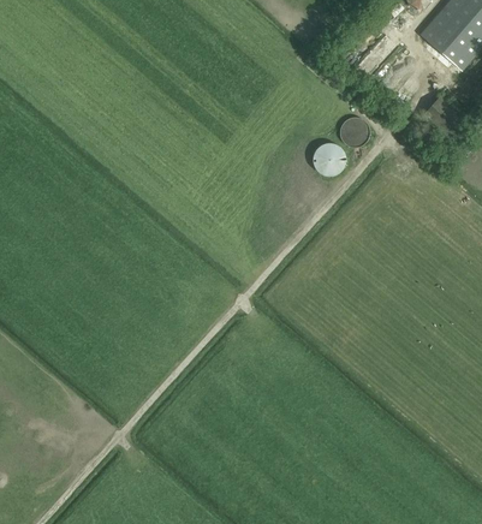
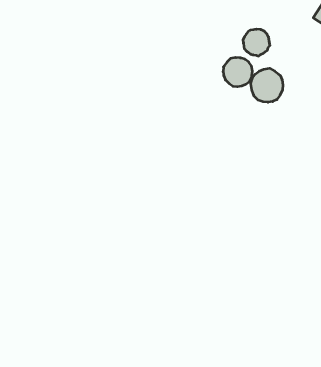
building: none -> [251,68,283,102]

